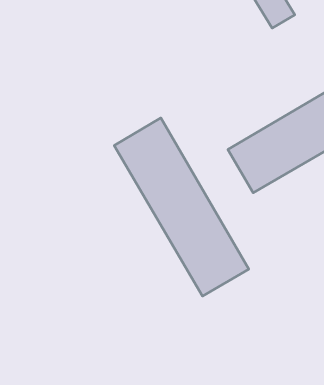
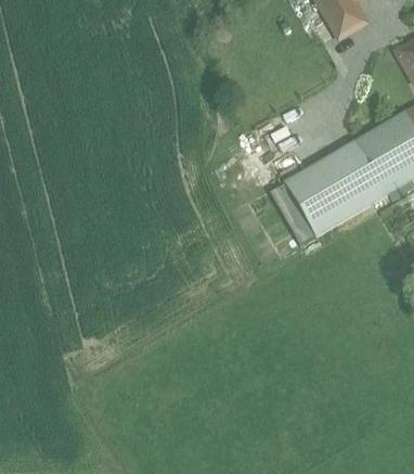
building: [114,118,249,296] -> none

